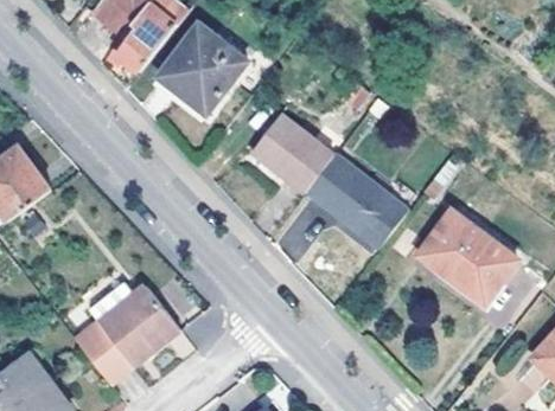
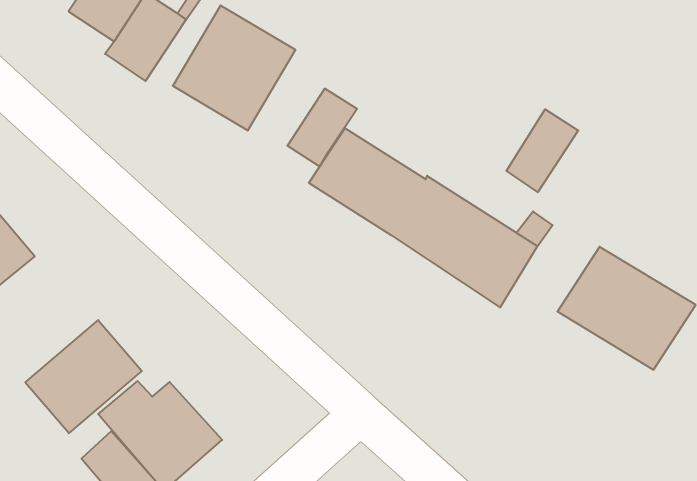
building: none -> [287,88,357,166]
building: none -> [506,109,578,192]
building: none -> [25,320,142,433]

